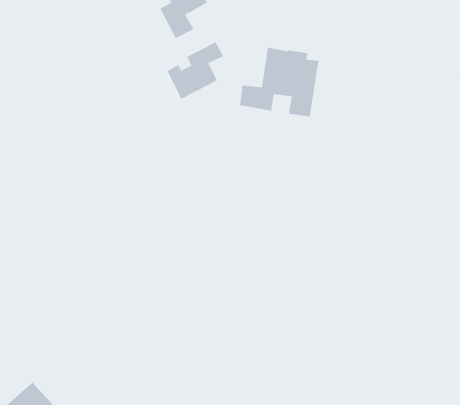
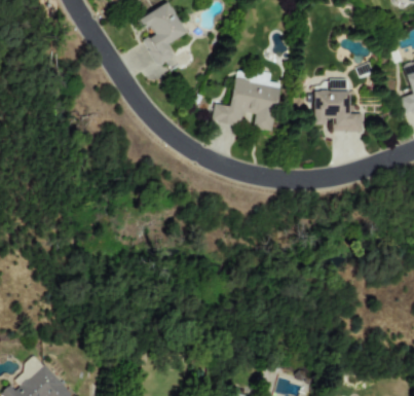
building: [167,42,224,99] -> none
building: none -> [313,80,365,133]

